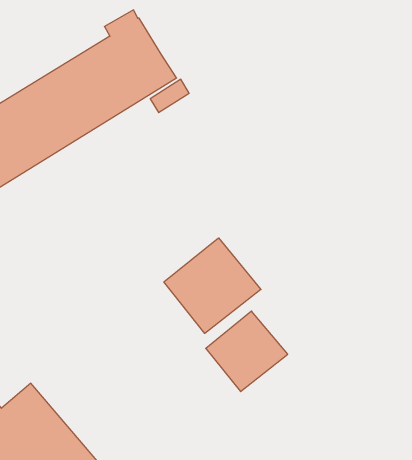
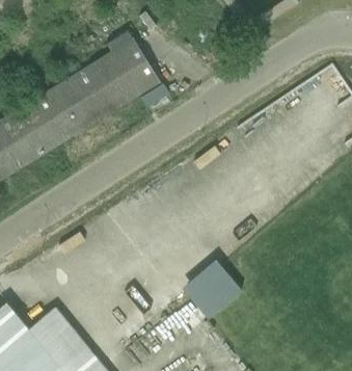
building: [164,238,261,333] -> none

